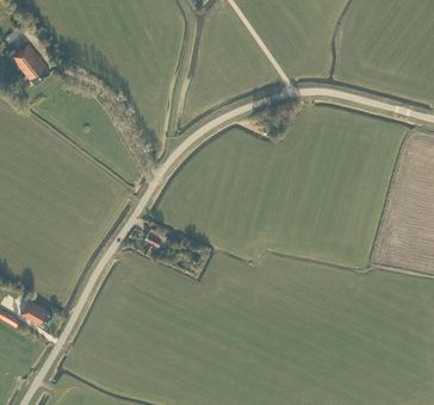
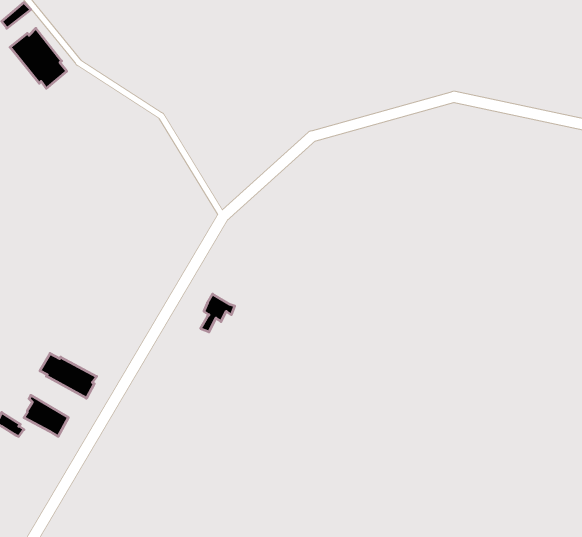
building: none -> [40,353,97,398]

